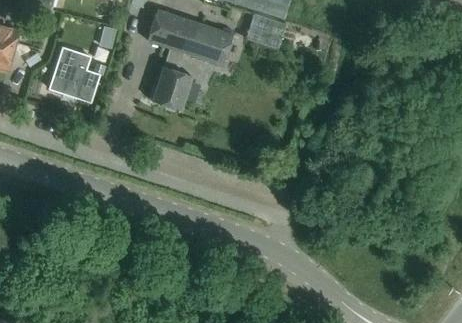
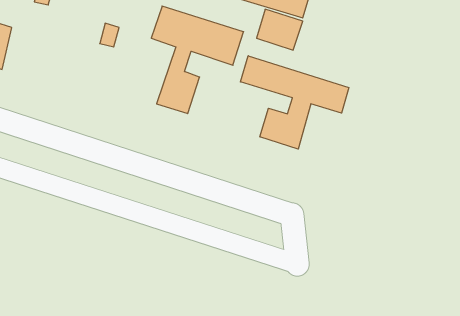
building: [48,46,99,101] -> none
building: none -> [240,56,349,149]

